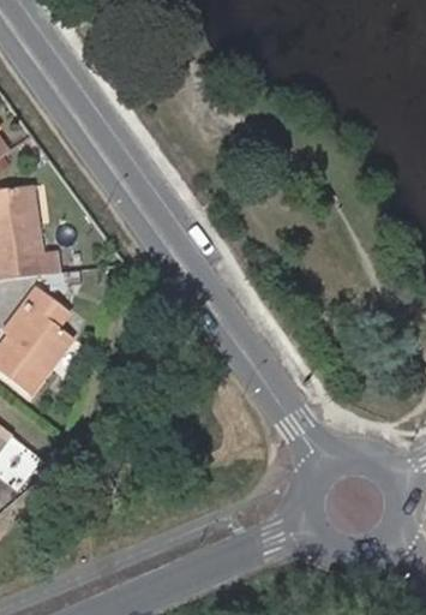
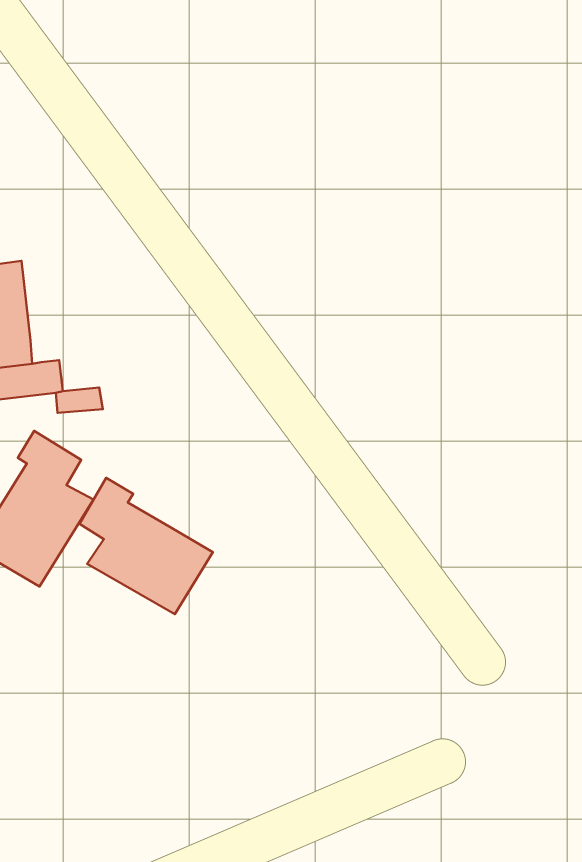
building: none -> [79,478,213,614]

